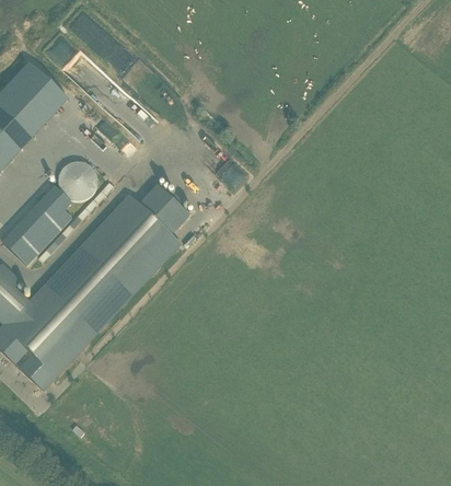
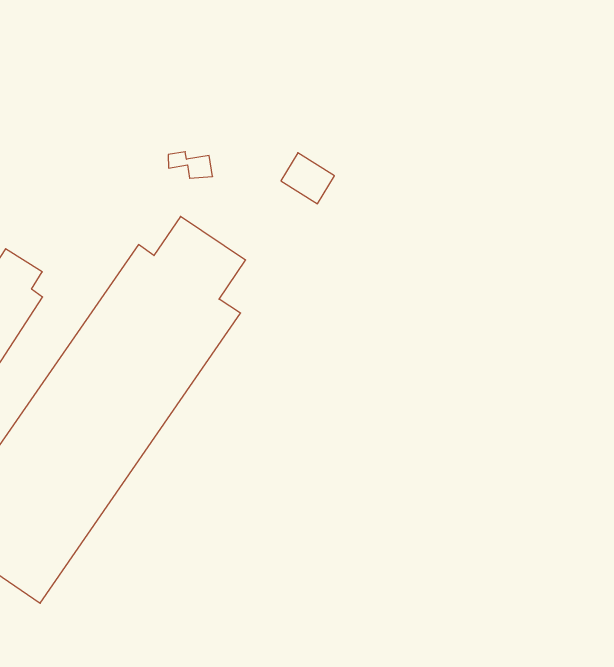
building: [61,159,101,198] -> none

